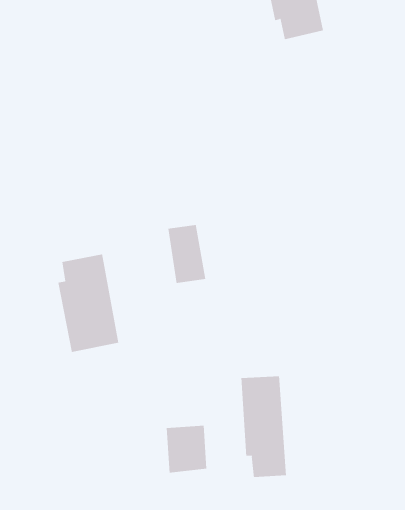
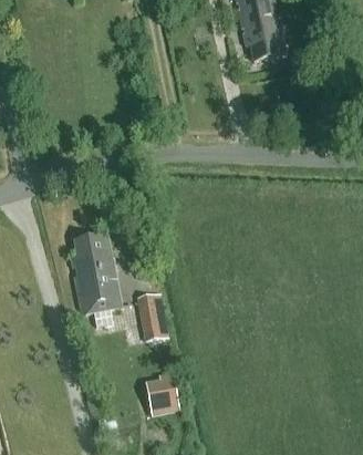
building: [168,224,206,283] -> [137,292,168,340]
building: [241,375,287,478] -> none

